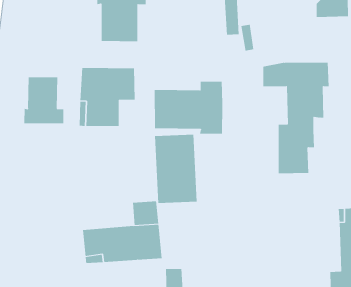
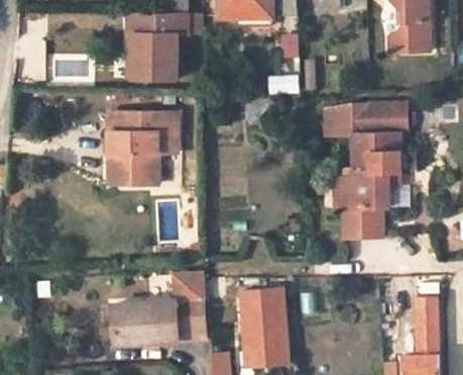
building: [24,77,64,124] -> none
building: [154,81,223,134] -> none
building: [154,134,197,204] -> [237,286,288,369]

